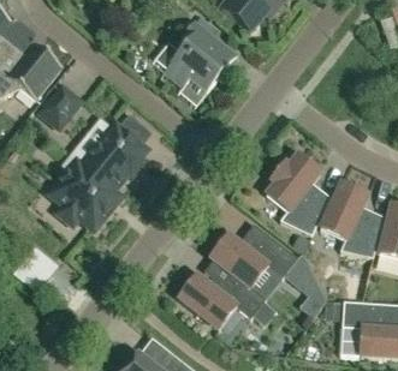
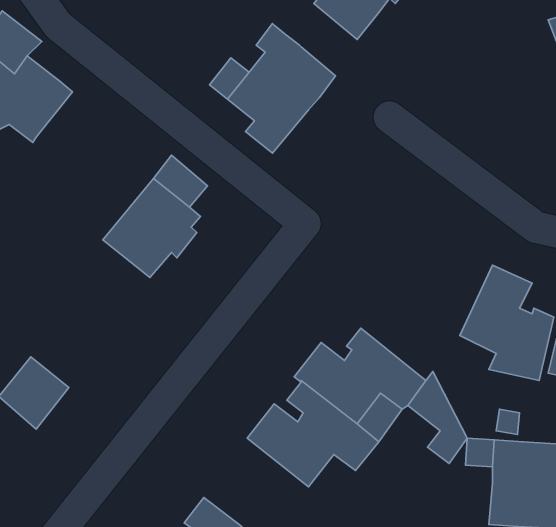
building: [40,85,81,127] -> none
building: [266,154,329,235] -> none
building: [49,160,121,229] -> none

